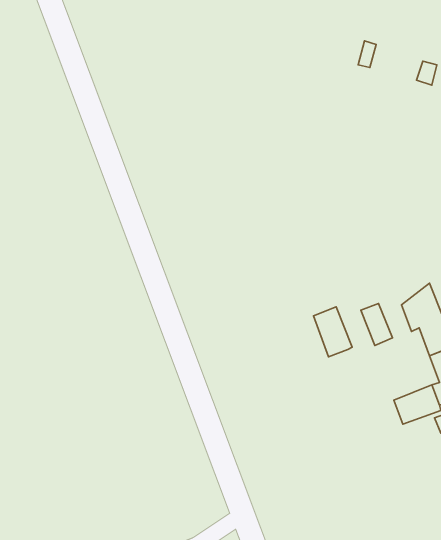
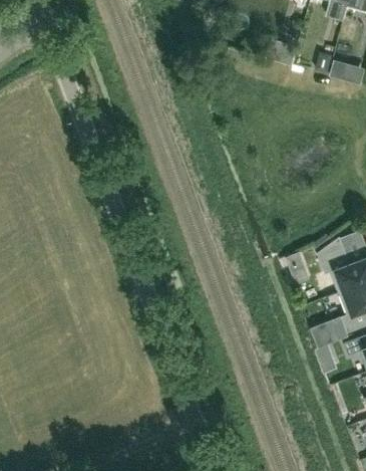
building: [313,307,352,357] -> none

